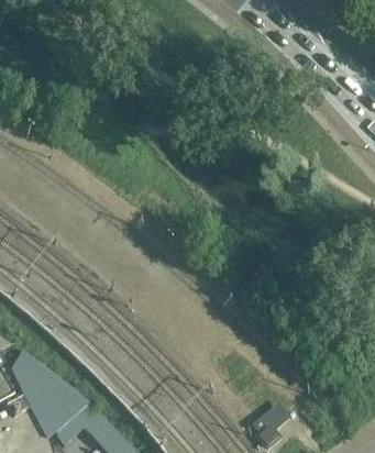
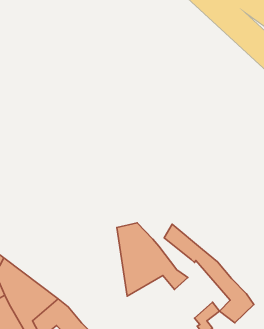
building: none -> [117,223,188,296]
building: none -> [164,224,254,323]

